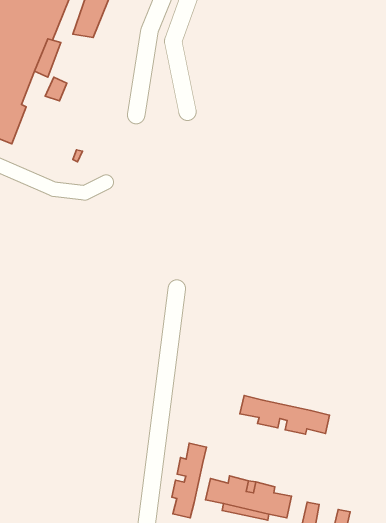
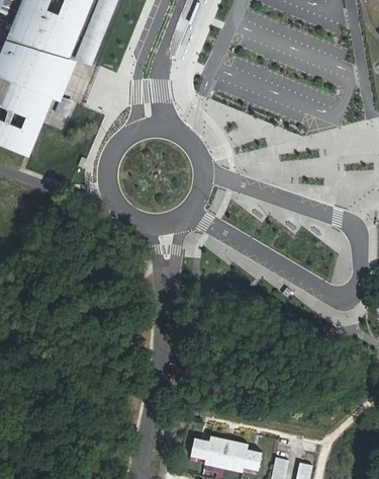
building: [240,395,330,434] -> none
building: [172,443,207,518] -> none

